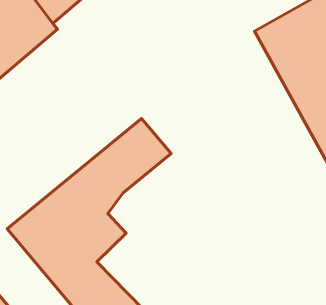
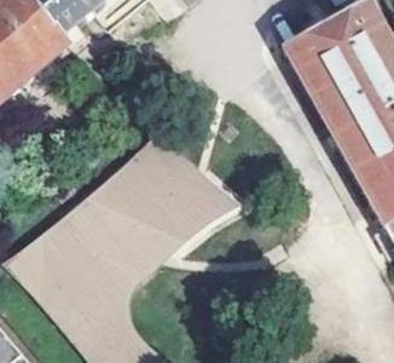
building: none -> [122,136,234,266]

